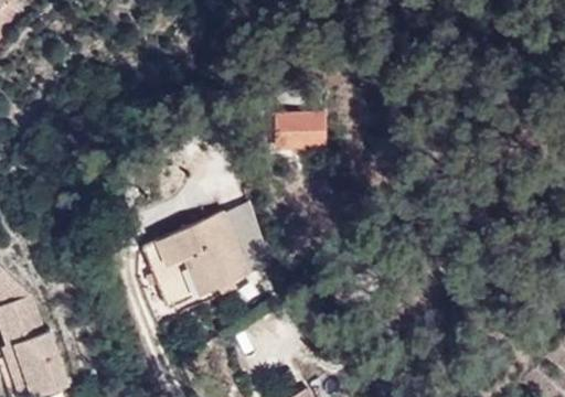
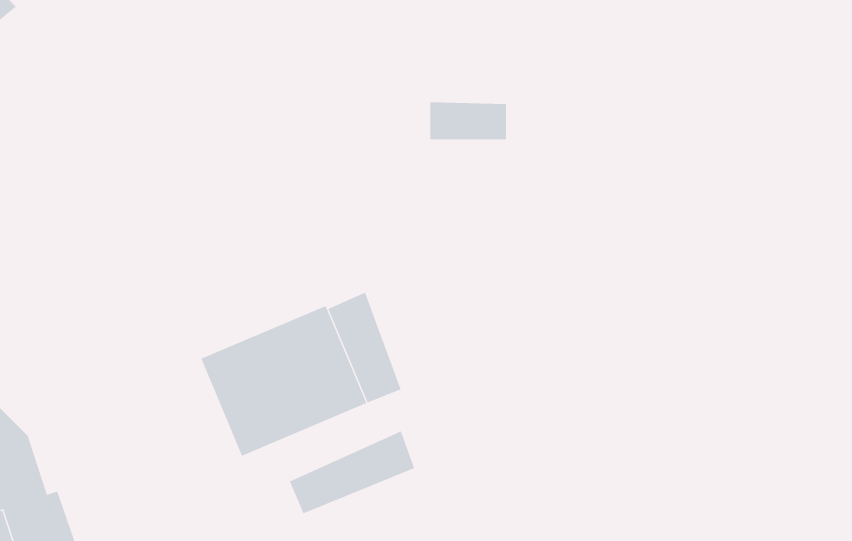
building: [275,120,324,144] -> [430,102,507,140]
building: none -> [289,430,415,514]

